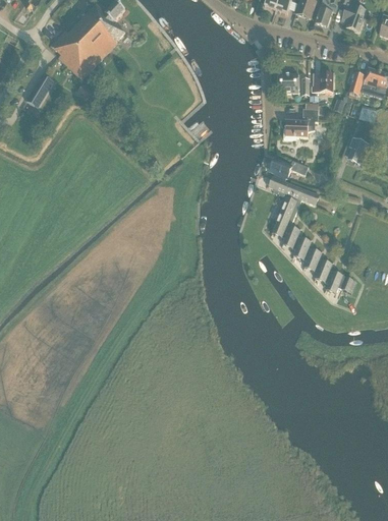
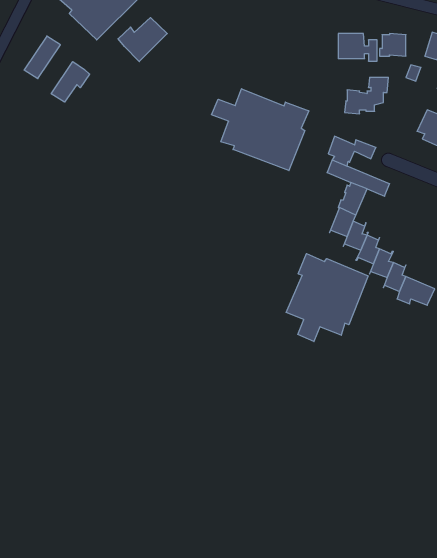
building: none -> [118,18,167,62]
building: none -> [51,62,90,102]
building: none -> [211,89,309,171]
building: none -> [286,254,368,342]

